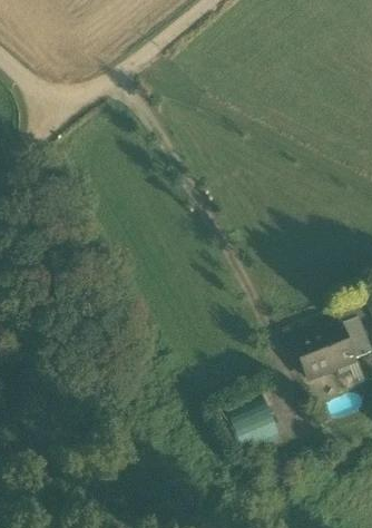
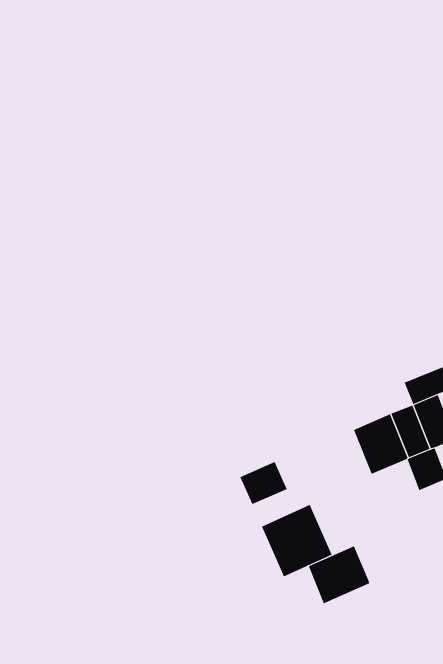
building: none -> [240,461,287,505]
building: none -> [308,546,369,604]

